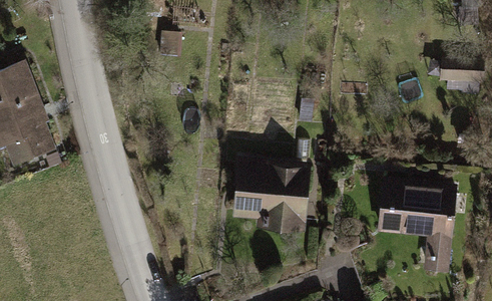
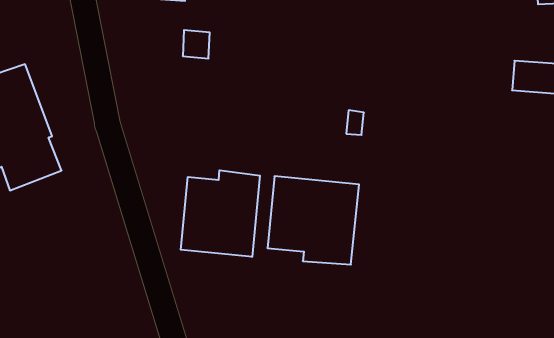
building: none -> [181,170,260,257]
building: [378,179,456,272] -> none

